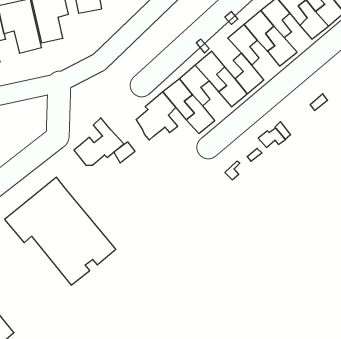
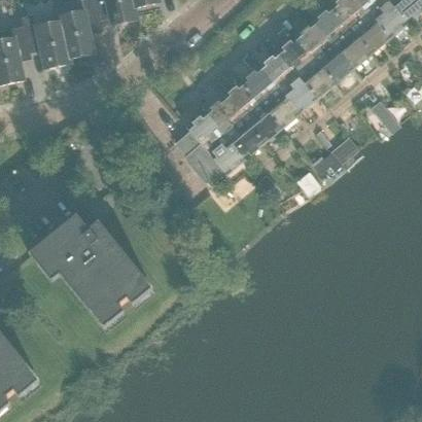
building: none -> [338,24,371,67]
building: none -> [259,51,294,97]
building: none -> [302,54,335,98]
building: none -> [247,99,281,143]
building: [74,118,124,165] -> [189,129,245,181]

